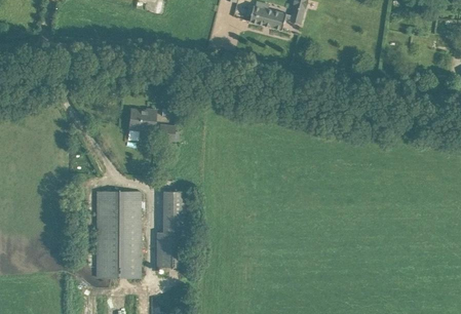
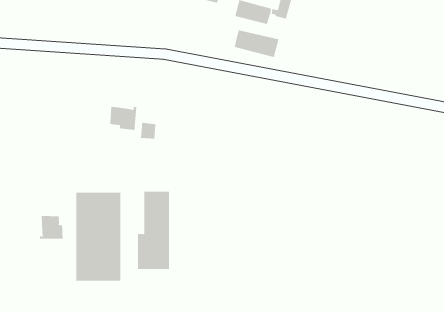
building: none -> [234,30,279,58]
building: none -> [39,215,63,240]

